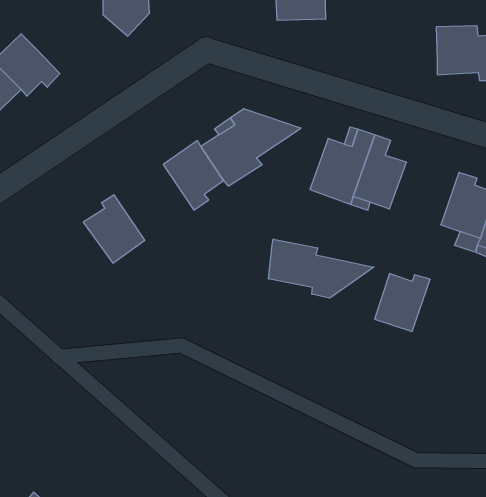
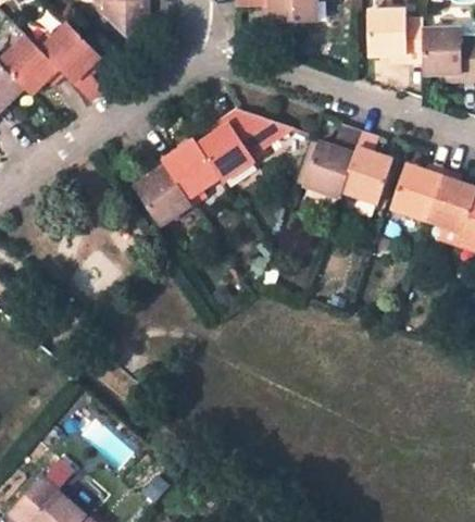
building: none -> [366,10,423,62]
building: none -> [39,23,99,83]
building: [83,195,145,263] -> [132,161,190,226]
building: [268,239,374,298] -> none
building: [375,274,430,332] -> [390,163,443,219]

